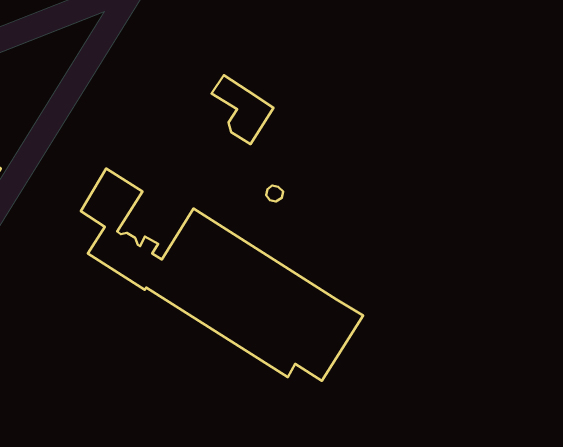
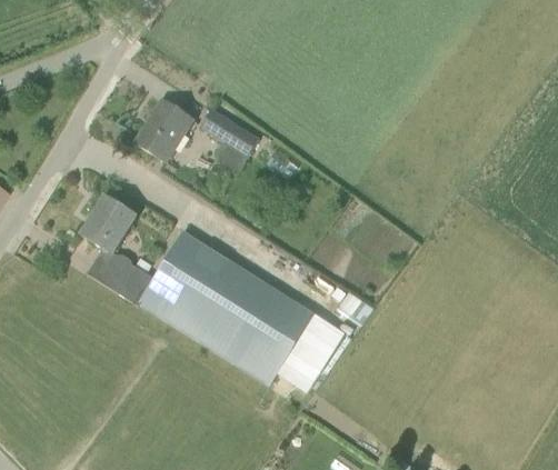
building: none -> [134,99,192,161]

